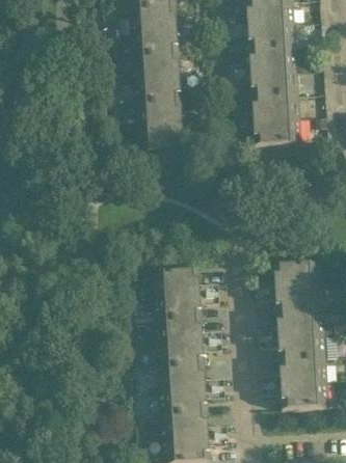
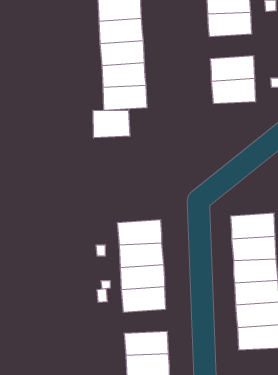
building: [250,70,298,97] -> none
building: none -> [93,110,130,138]
building: [158,364,206,390] -> none

